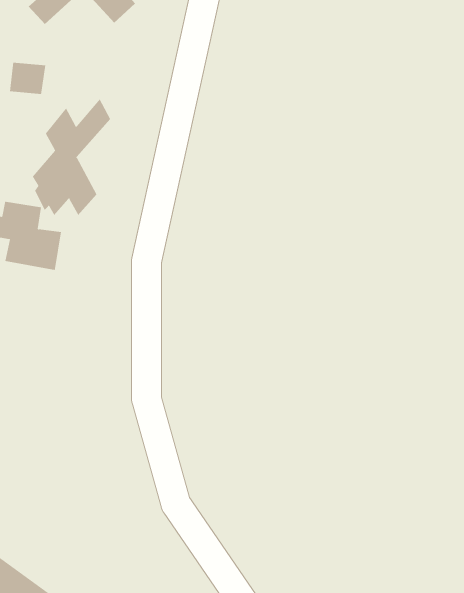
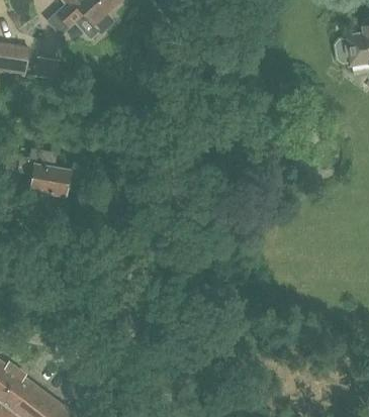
building: [32,99,111,216] -> none

